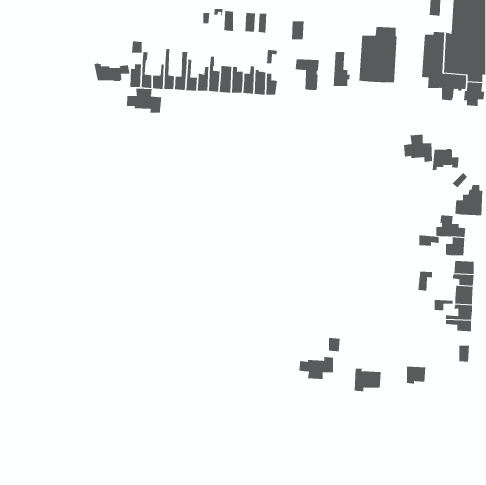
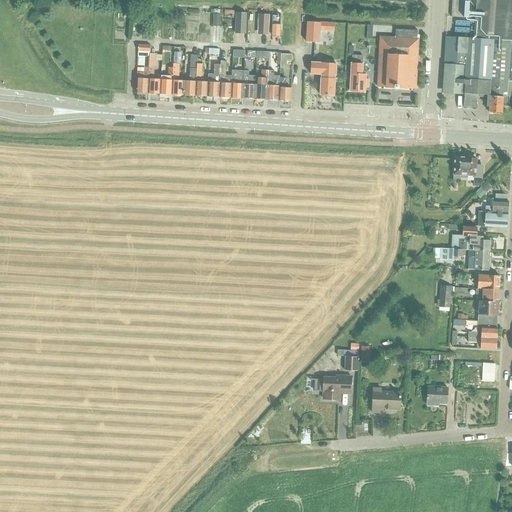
building: [94,63,130,82] -> none
building: [127,88,162,114] -> none
building: [403,134,433,163] -> none

